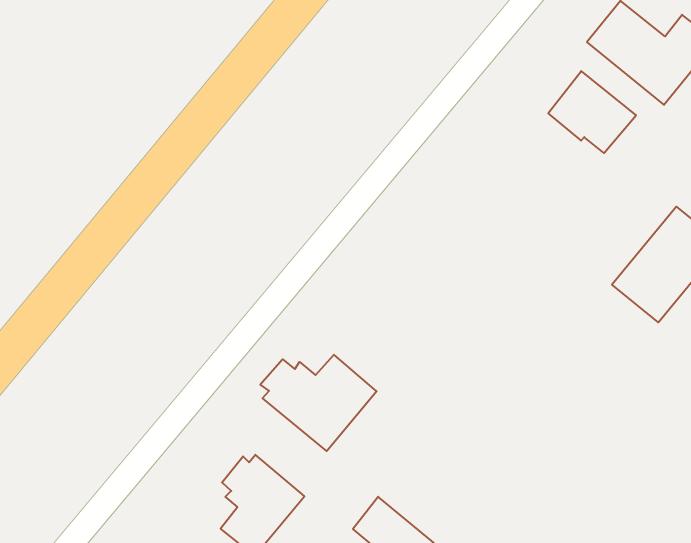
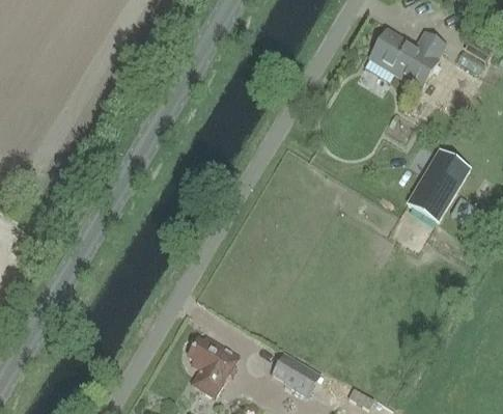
building: [548,71,636,153] -> none
building: [260,355,377,451] -> none

